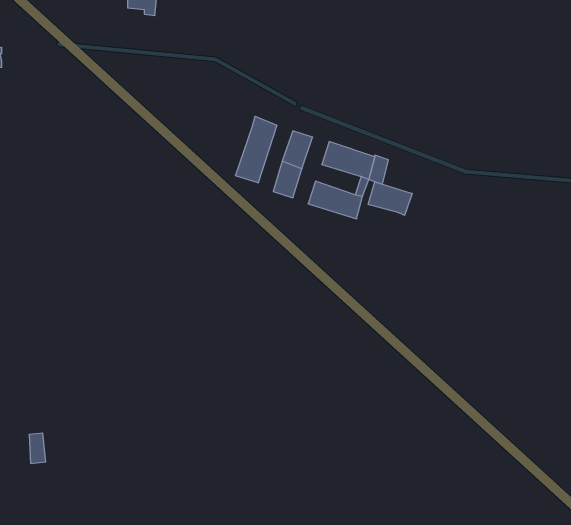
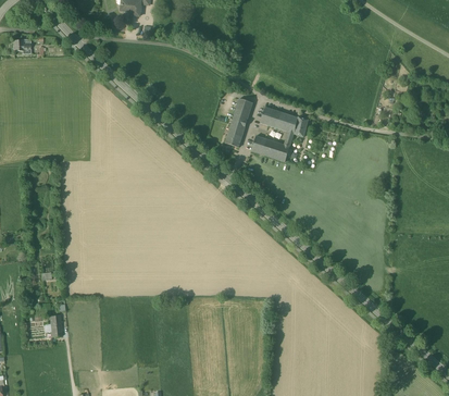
building: [235,116,277,183] -> none
building: [368,182,412,215] -> none

